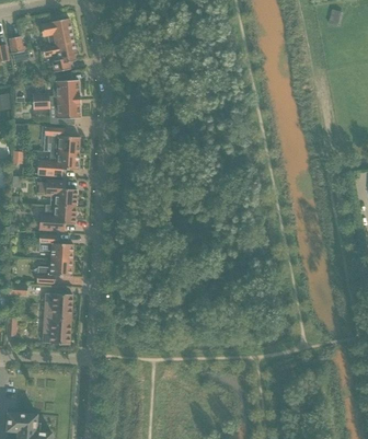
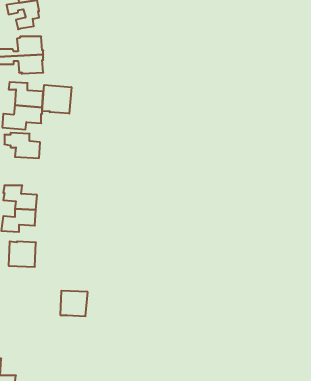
building: none -> [42,85,71,114]
building: [38,205,74,230] -> none
building: [42,317,70,344] -> [60,291,88,316]

